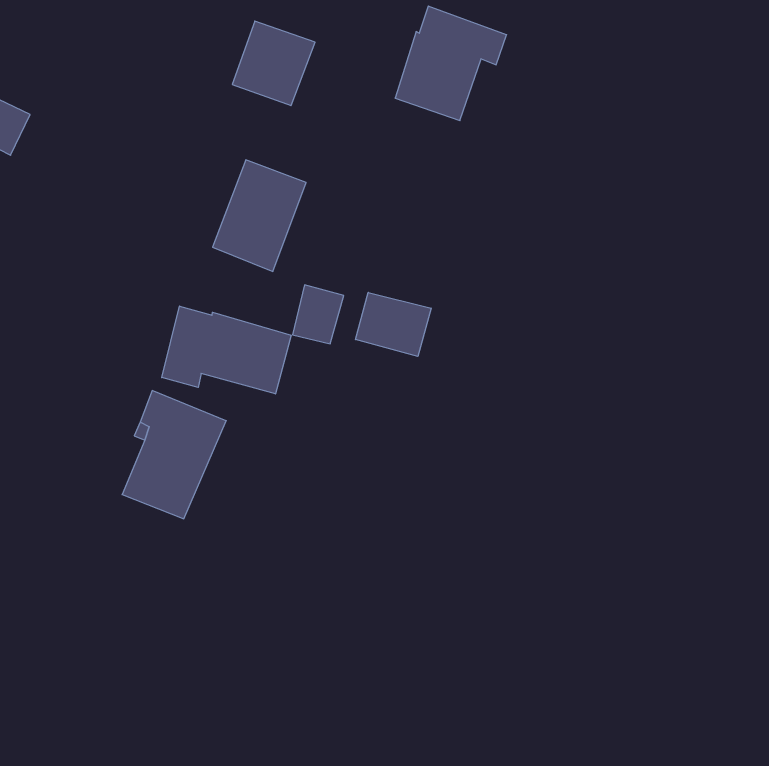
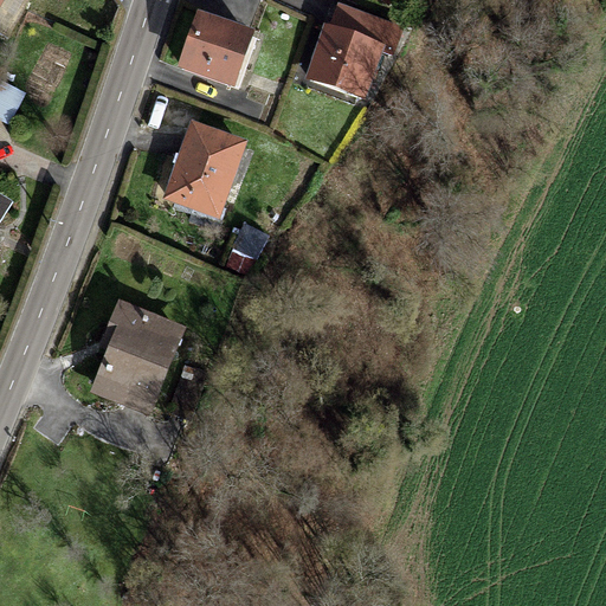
building: [356,292,431,356] -> none
building: [162,306,291,394] -> none

